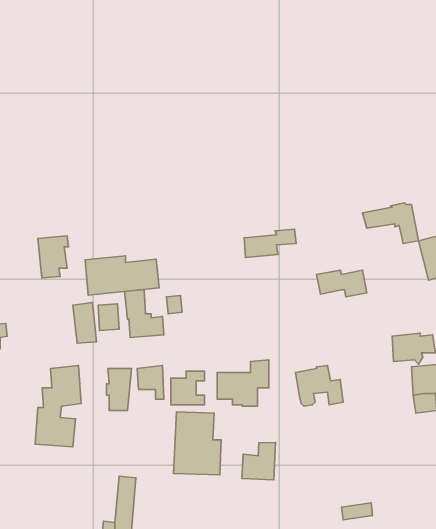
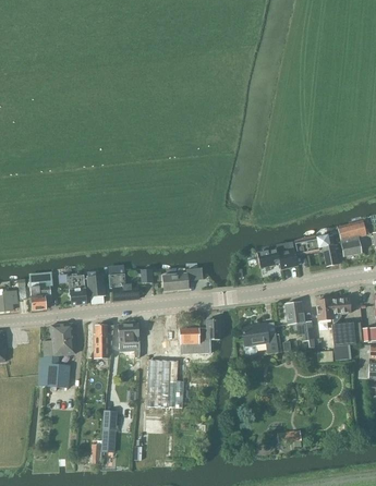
building: [363,203,419,244] -> [294,234,338,266]
building: [244,229,296,257] -> [162,268,203,290]
building: [38,236,69,278] -> [29,276,53,308]
building: [85,256,159,295] -> none
building: none -> [286,301,315,347]
building: [242,442,276,480] -> none

